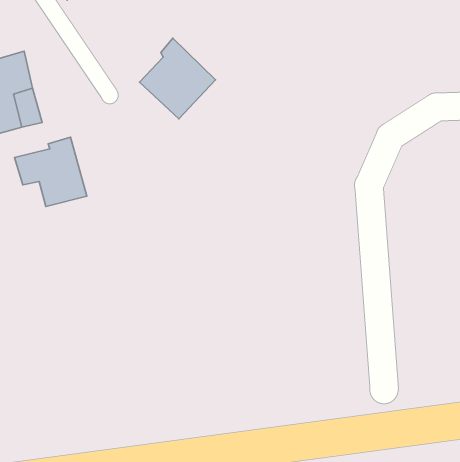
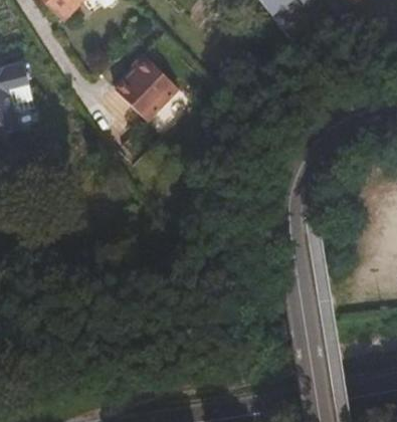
building: [15,137,87,207] -> none

